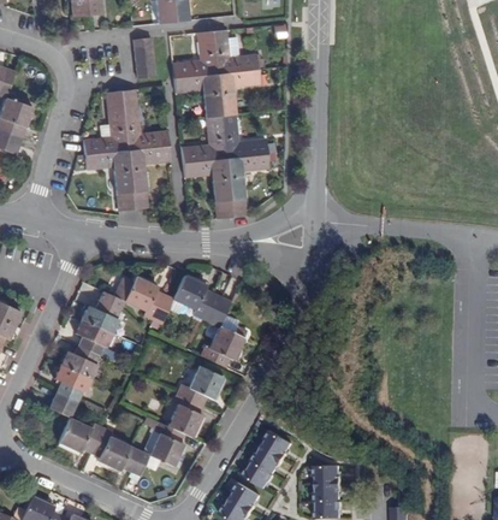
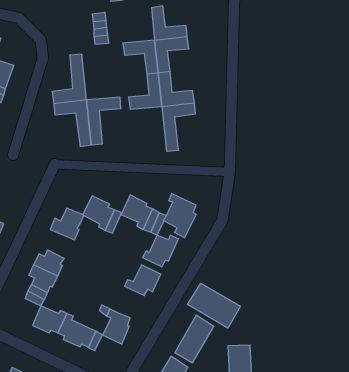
building: [173,31,215,77] -> none
building: [121,90,171,150] -> none
building: [184,159,231,219] -> none
building: none -> [164,193,196,238]
building: [75,318,112,355] -> none
building: none -> [187,283,240,328]
building: [167,391,202,436] -> none

